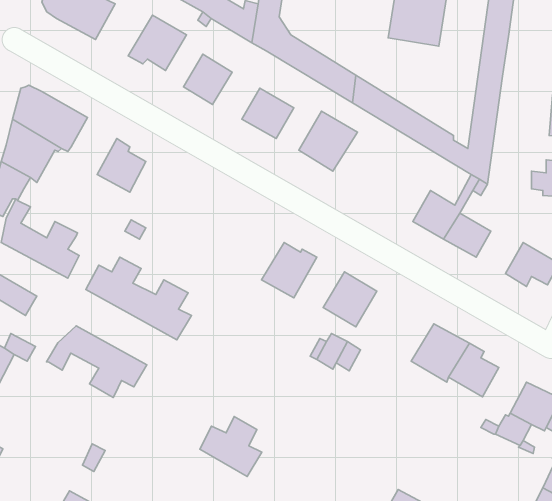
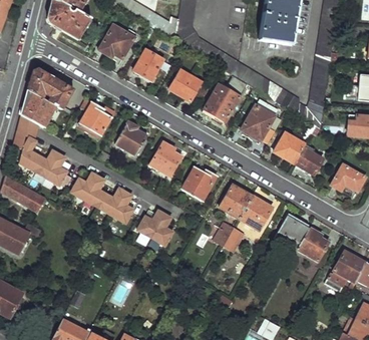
building: none -> [241,104,274,142]
building: none -> [114,120,146,154]
building: none -> [148,139,181,176]
building: none -> [239,195,272,229]
building: [47,326,147,398] -> none
building: [200,417,262,477] -> [139,210,177,247]

